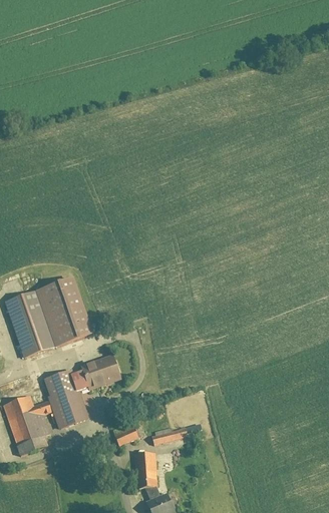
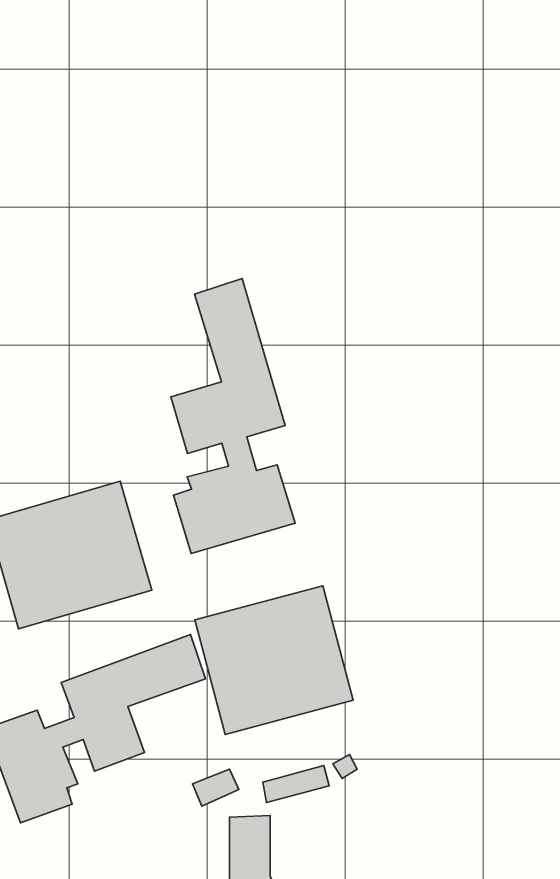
building: none -> [171,278,295,554]
building: none -> [195,586,353,734]

